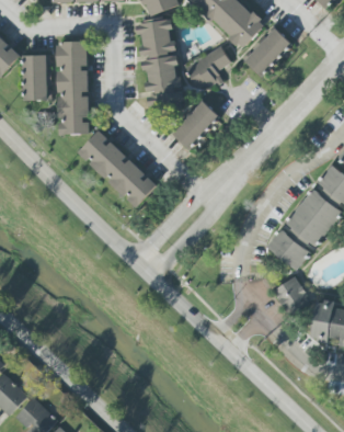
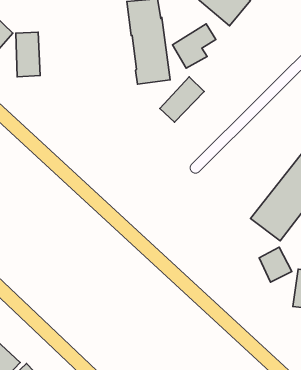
building: [243,29,290,76] -> none
building: [56,42,89,135] -> none
building: [78,130,157,207] -> none

